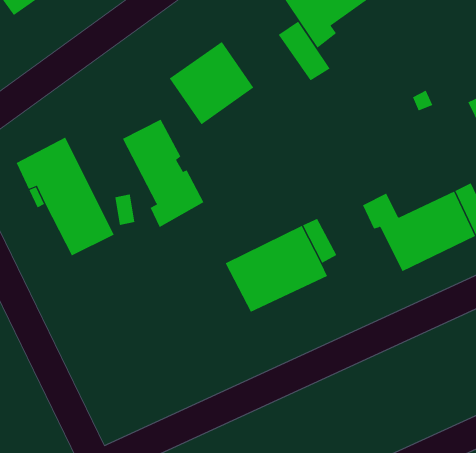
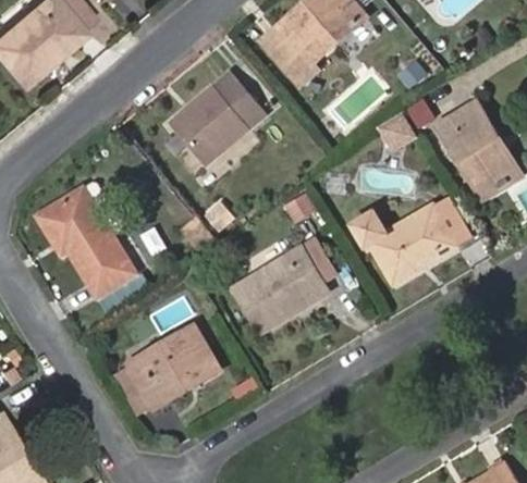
building: [278,21,331,81] -> [213,75,264,128]
building: [122,119,204,228] -> none
building: none -> [128,326,218,407]

